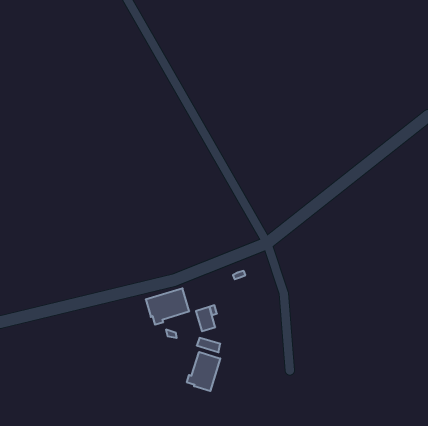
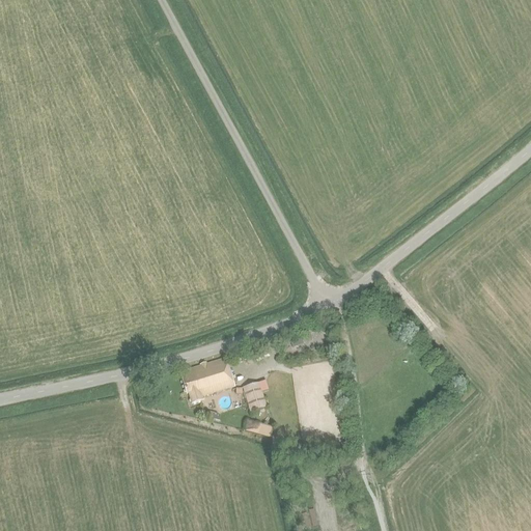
building: [187,352,220,391] -> none

